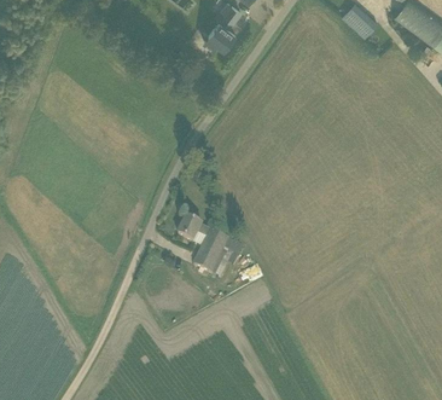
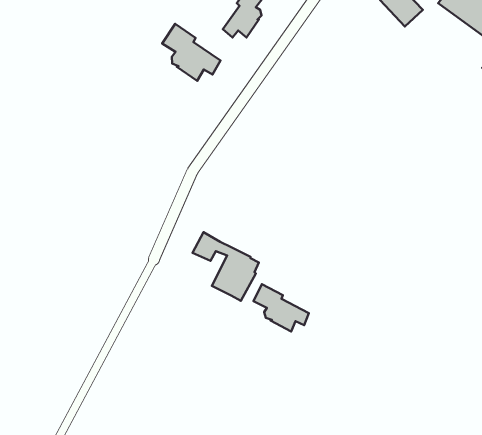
building: none -> [162,24,220,81]
building: none -> [253,284,309,331]

